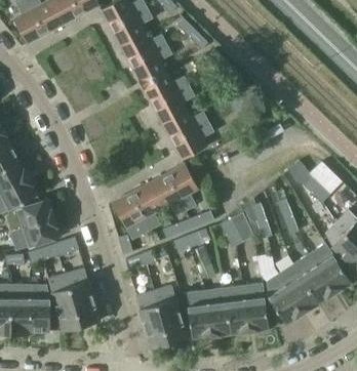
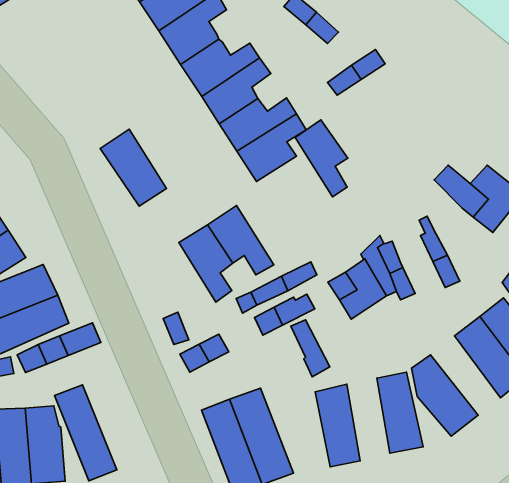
building: [168,164,199,211] -> [295,120,348,197]
building: [113,193,151,240] -> [100,129,166,206]
building: [278,263,318,313] -> none
building: [66,267,101,327] -> none
building: [226,285,248,334] -> none
building: [187,290,211,338] -> none

